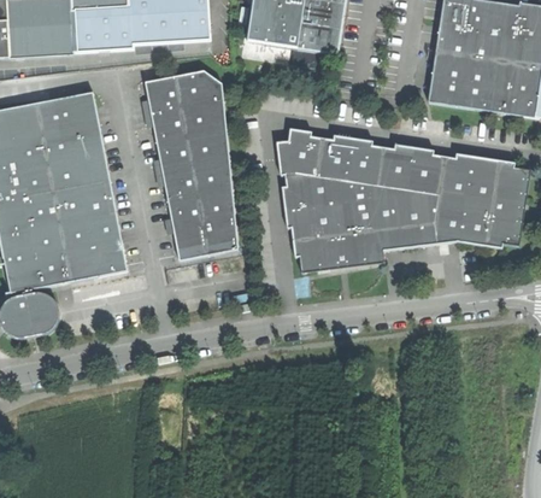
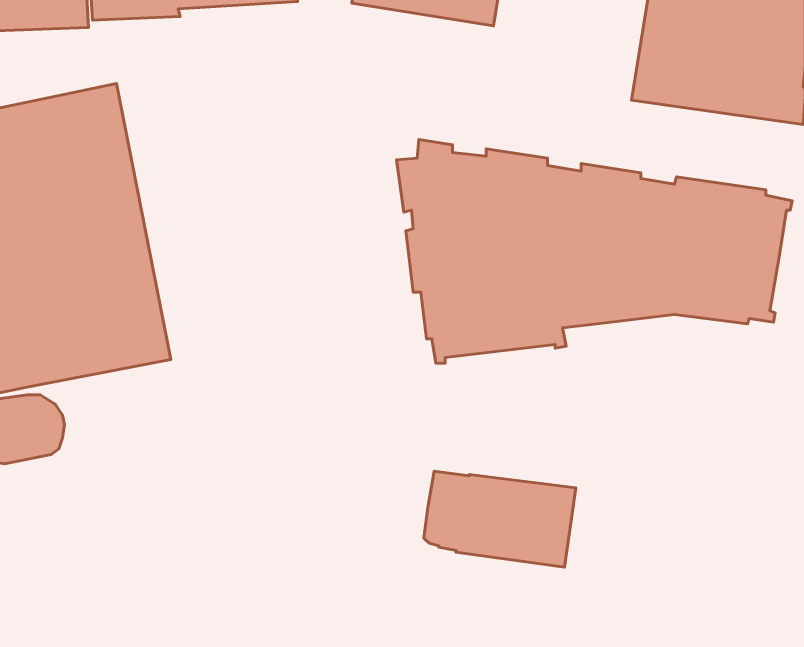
building: [146,70,239,259] -> none
building: none -> [424,471,576,567]

